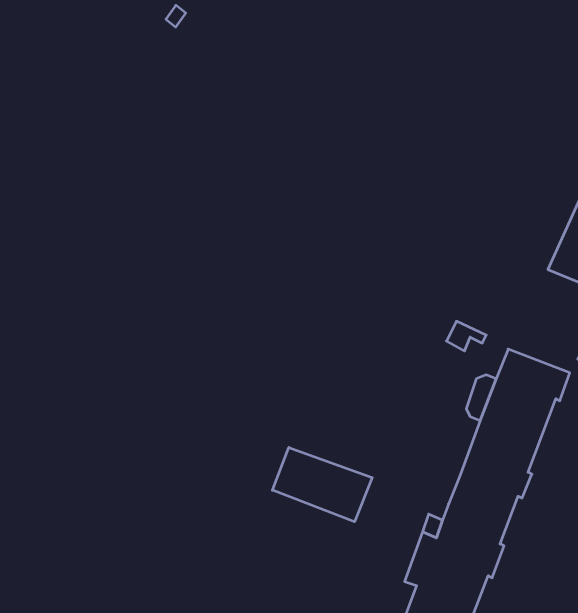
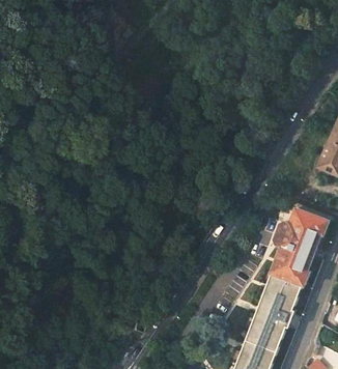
building: [272,447,372,522] -> none

